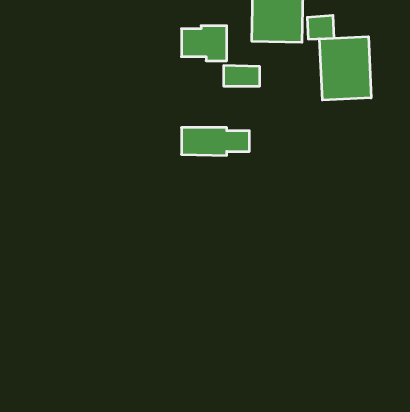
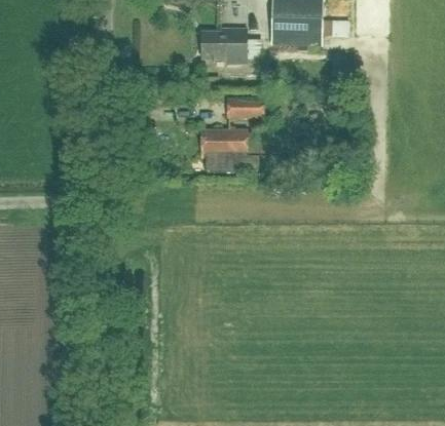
building: [320,37,371,100] -> none
building: [224,66,260,86] -> [227,96,263,117]

